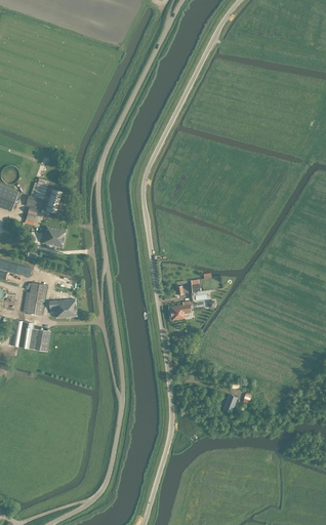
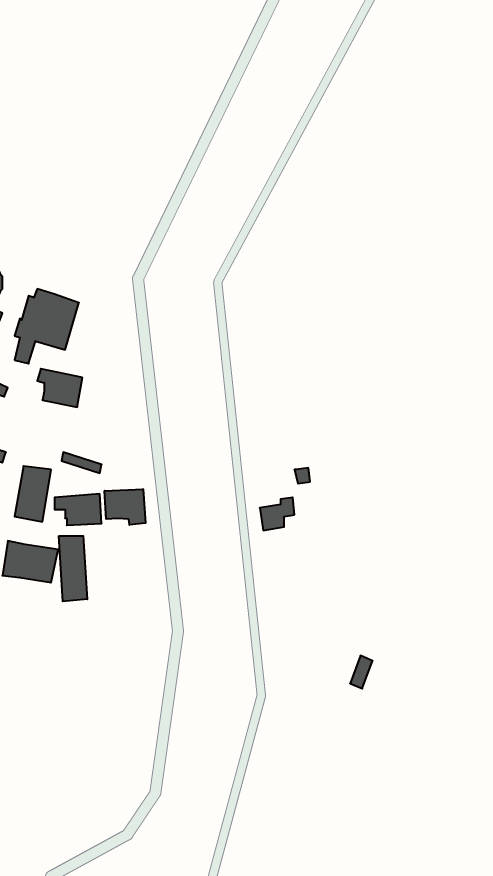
building: none -> [105,489,146,525]
building: none -> [59,536,87,601]

